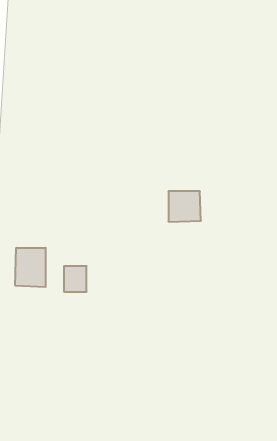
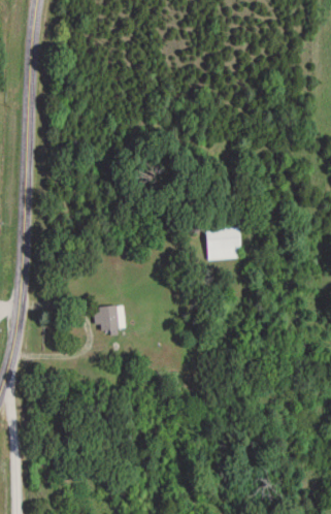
building: [15,248,46,287] -> none

